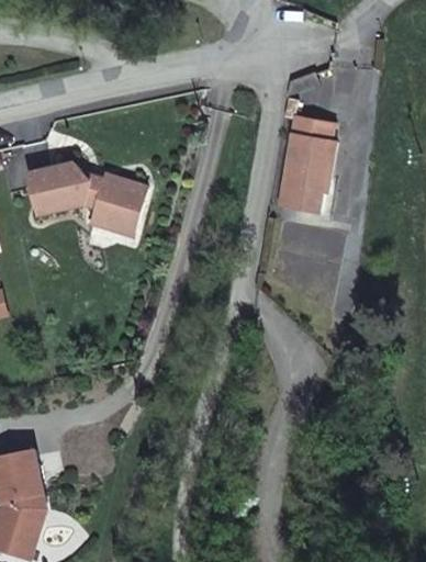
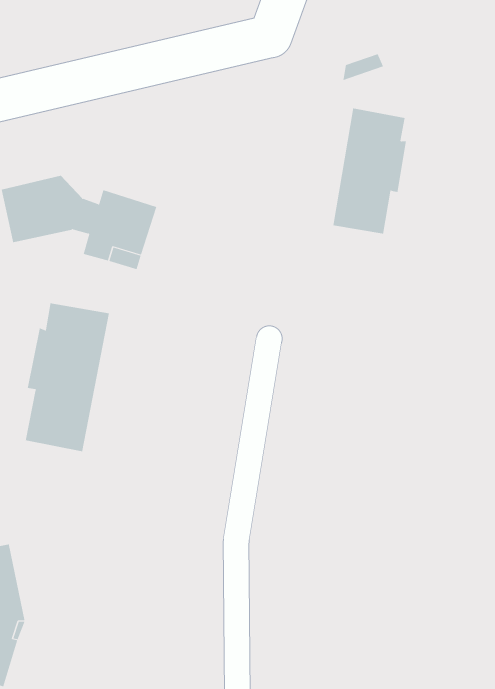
building: none -> [25,303,109,452]

